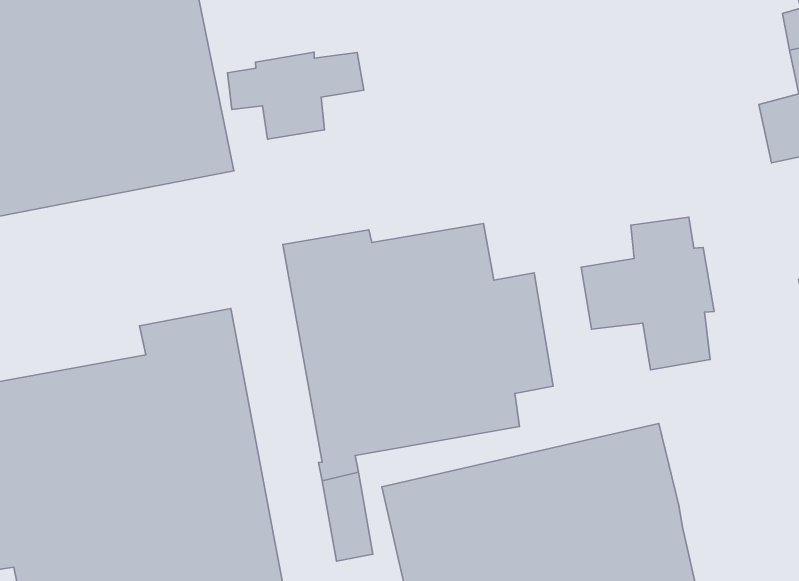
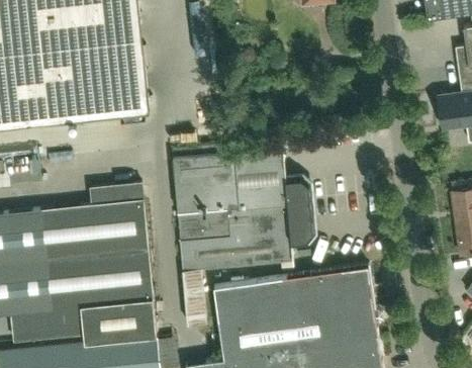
building: [227,52,364,139] -> none
building: [581,217,714,370] -> none

